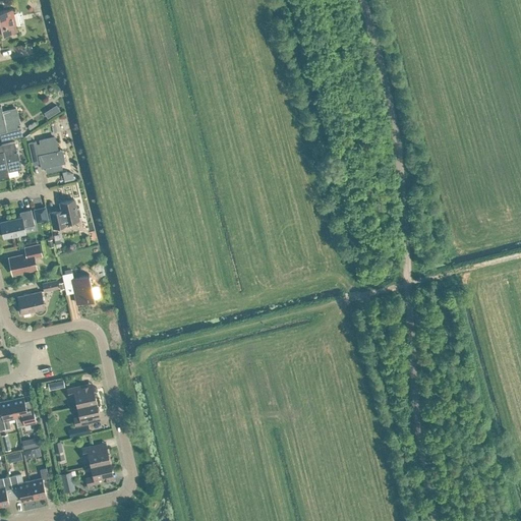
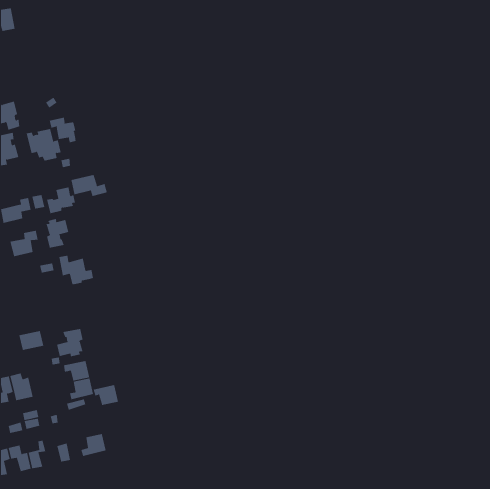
building: none -> [49,117,78,143]
building: none -> [71,174,107,197]
building: none -> [46,218,69,249]
building: [17,292,45,313] -> [18,330,44,351]
building: none -> [56,328,83,358]
building: [81,443,109,465] -> [93,385,119,406]

